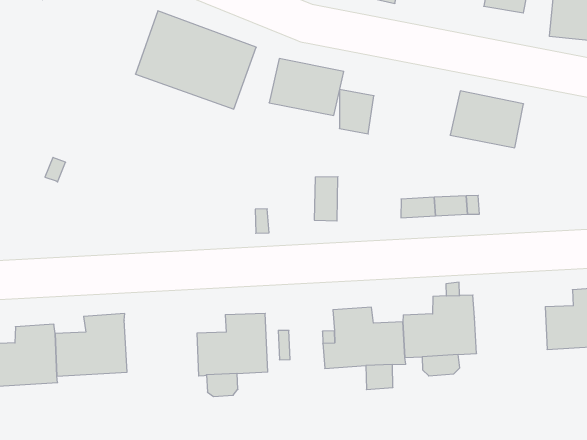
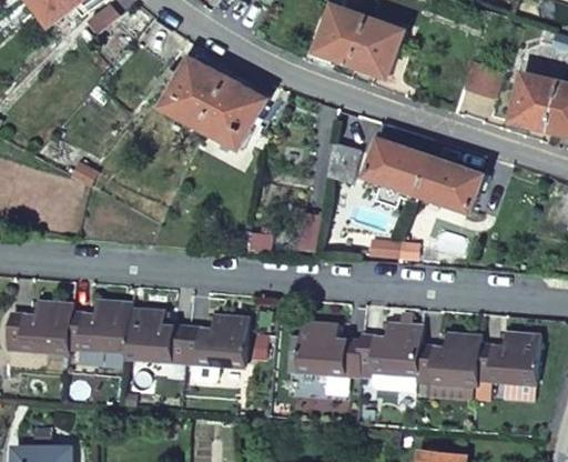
building: [269,59,344,115] -> [366,139,432,192]
building: none -> [416,335,478,386]
building: none -> [124,310,186,364]

